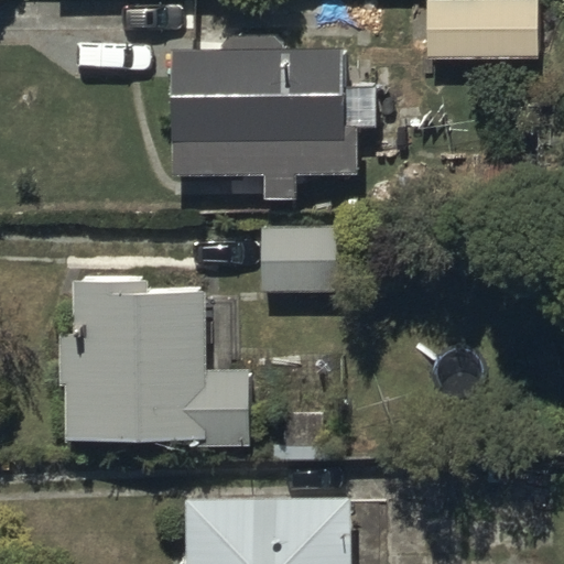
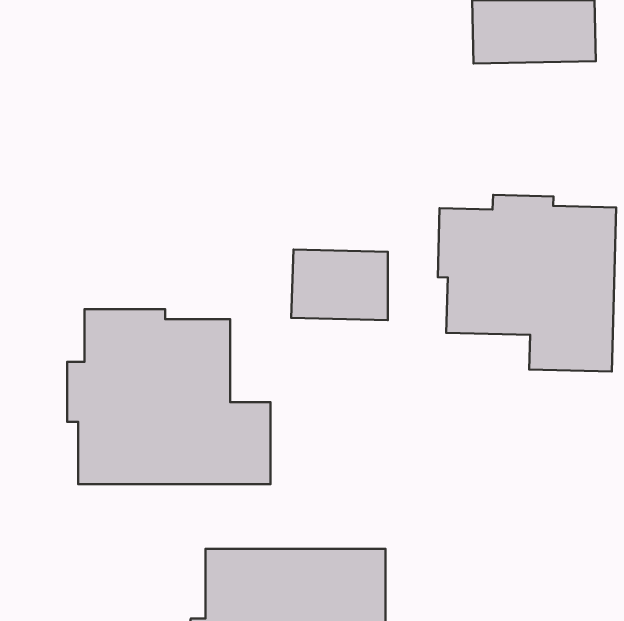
building: [170,46,375,200] -> none
building: none -> [438,195,616,372]

